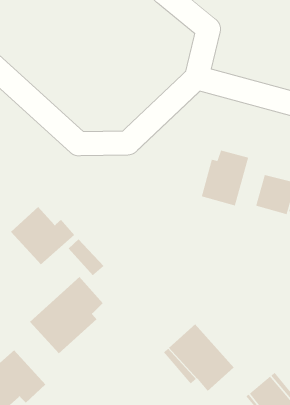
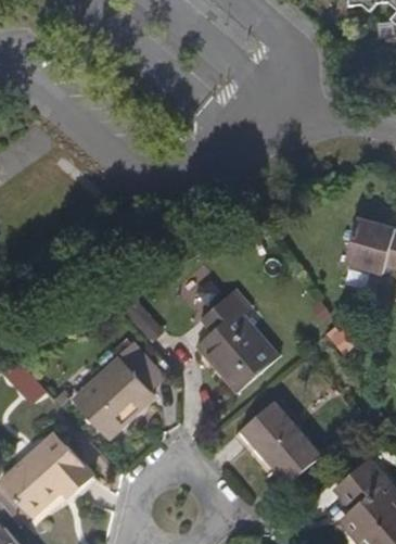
building: [201,149,249,206] -> none
building: [10,206,75,265] -> none
building: none -> [197,290,279,392]

